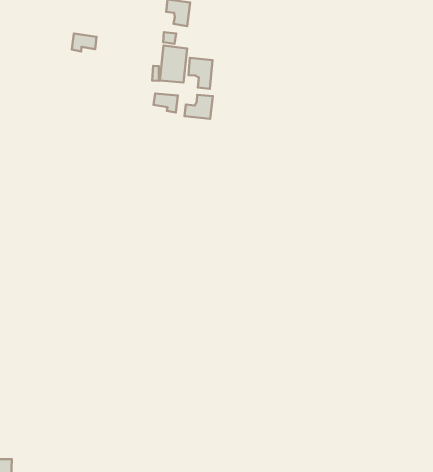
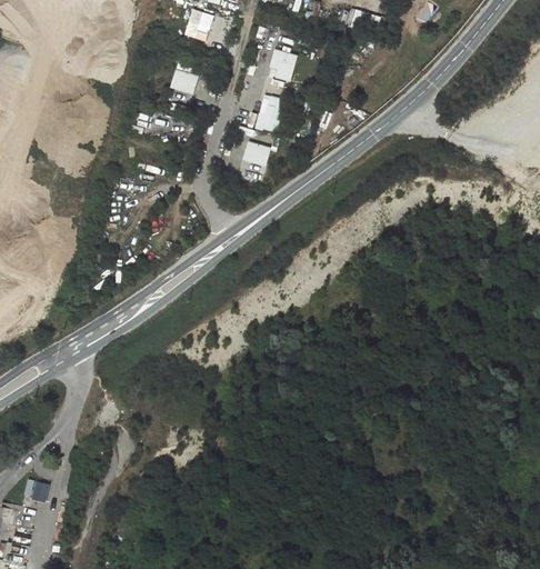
building: [189,58,212,89] -> none
building: [184,95,213,119] -> none

